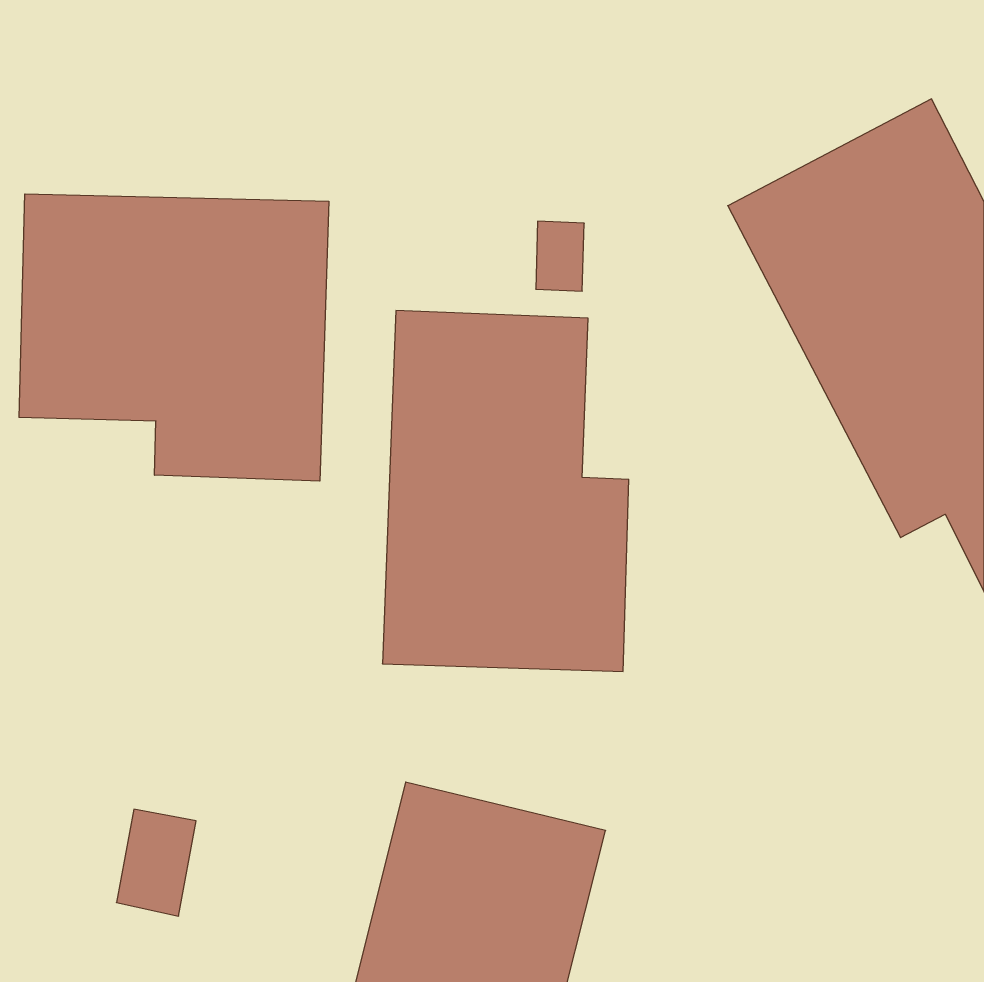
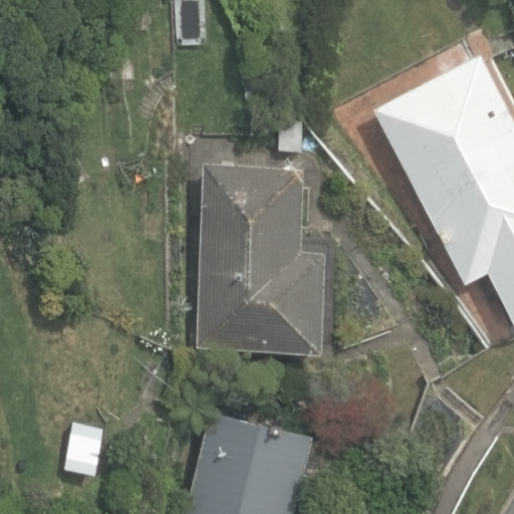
building: [19,194,329,481] -> none

